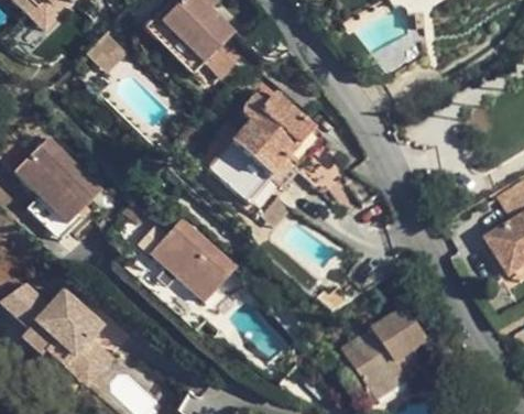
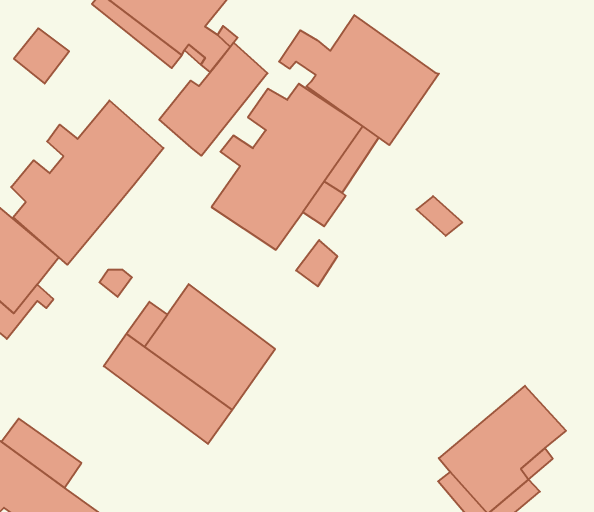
building: none -> [279,15,439,145]
building: none -> [159,43,268,156]
building: none -> [11,100,164,265]

